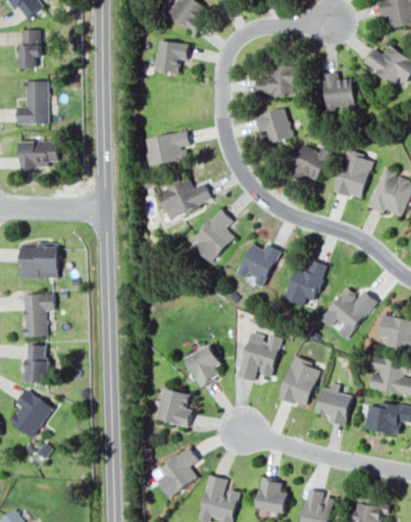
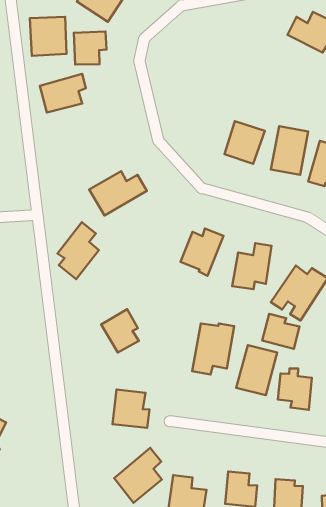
building: none -> [30,17,66,56]
building: [255,65,299,96] -> none
building: [322,72,355,113] -> none
building: [255,107,293,144] -> none
building: [145,132,189,165] -> [40,74,86,113]
building: [194,209,234,263] -> [58,222,99,279]
building: none -> [262,314,300,349]
building: [185,346,219,386] -> [101,309,139,353]

